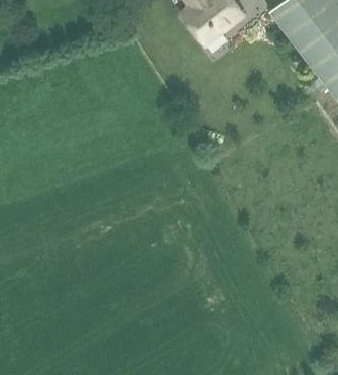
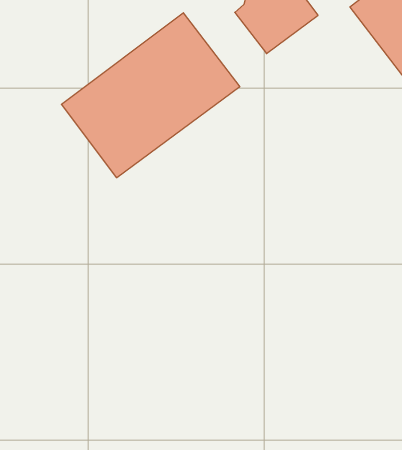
building: none -> [61,13,240,178]

